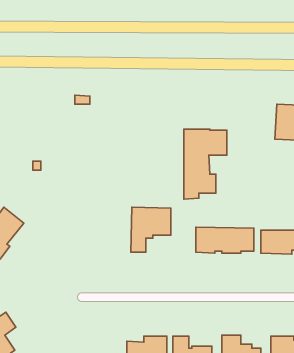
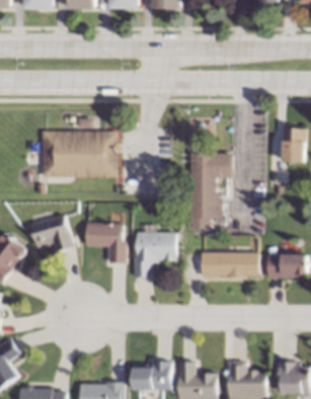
building: none -> [43,131,123,177]
building: none -> [29,215,74,252]
building: none -> [85,223,127,263]

